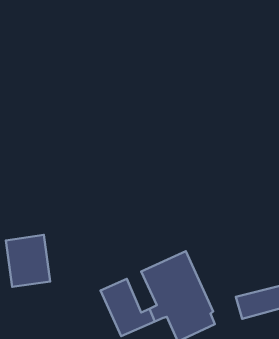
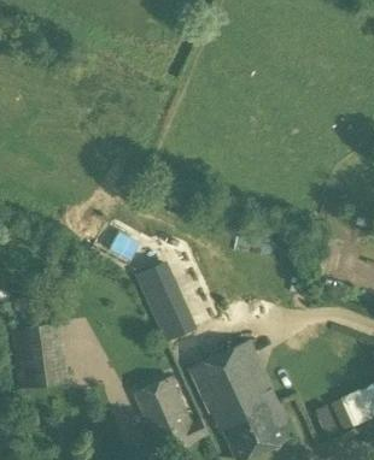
building: none -> [136,264,192,338]

